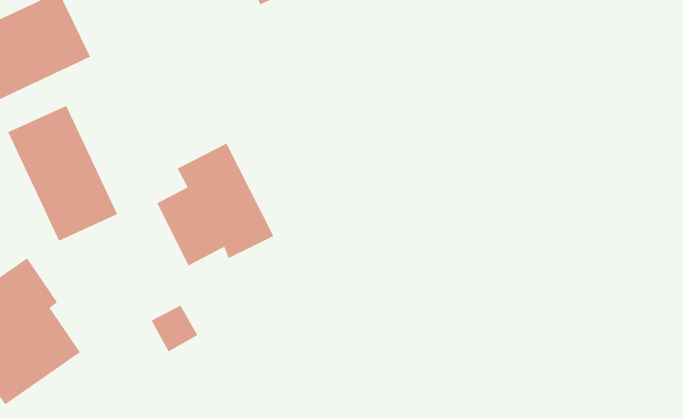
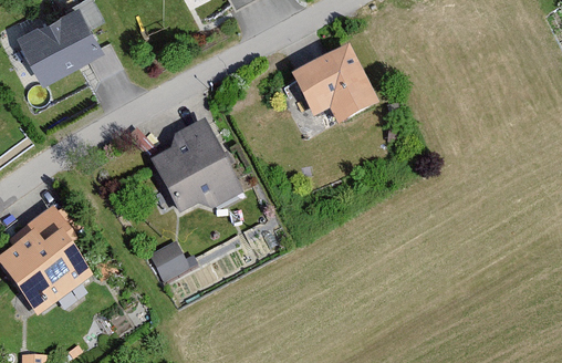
building: none -> [291,45,382,127]
building: [7,105,118,241] -> none

